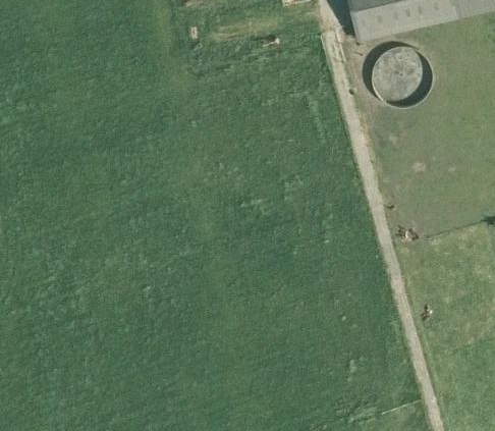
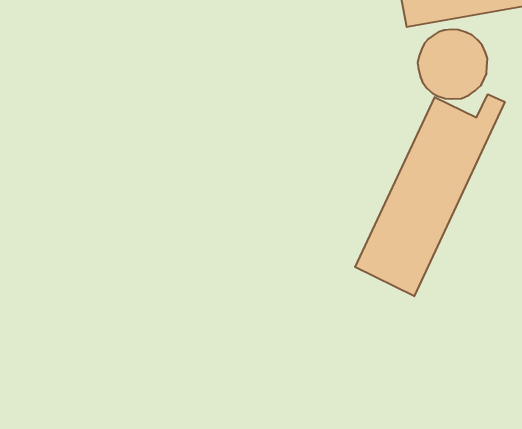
building: none -> [355,94,505,296]

